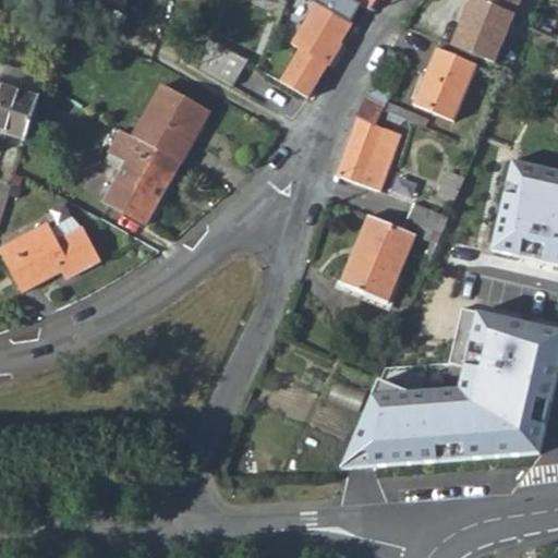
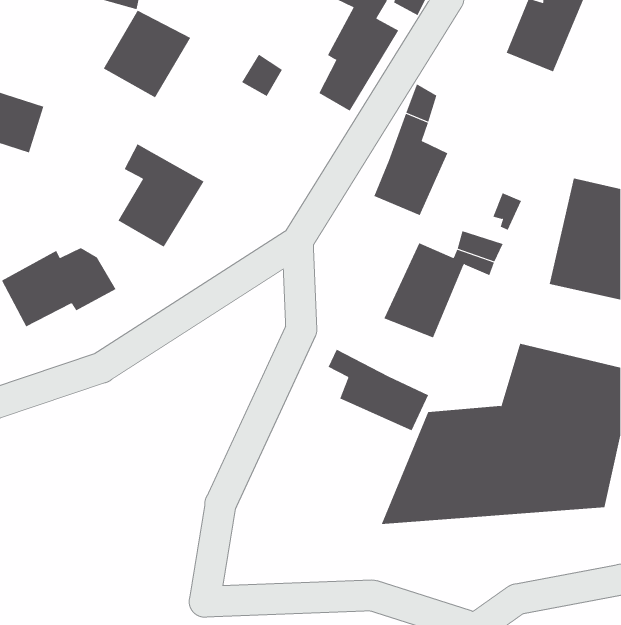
building: [411,49,472,121] -> none
building: [135,83,214,161] -> [103,10,191,98]
building: none -> [328,349,429,431]

